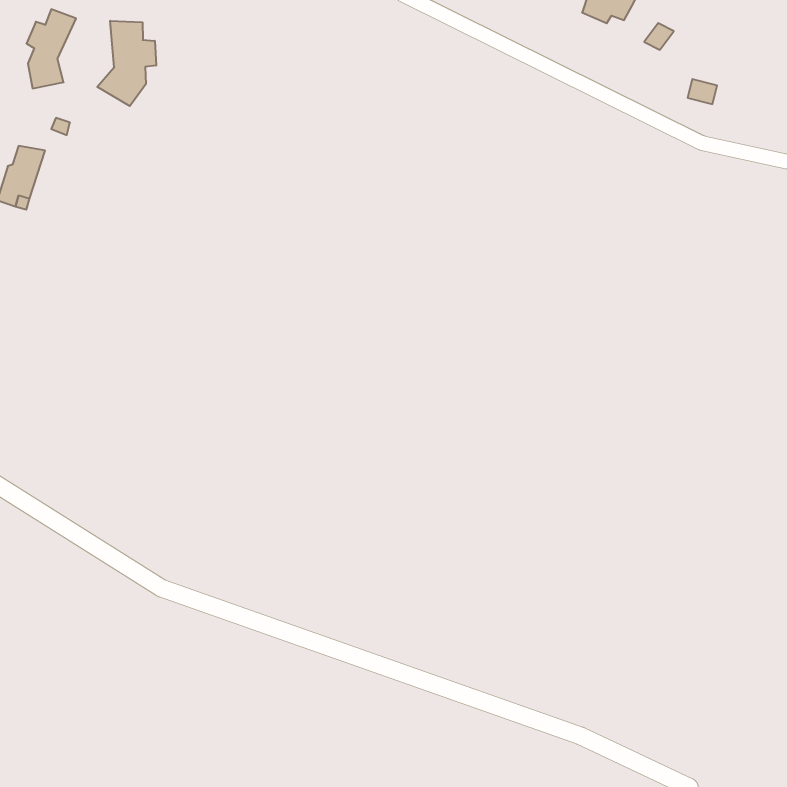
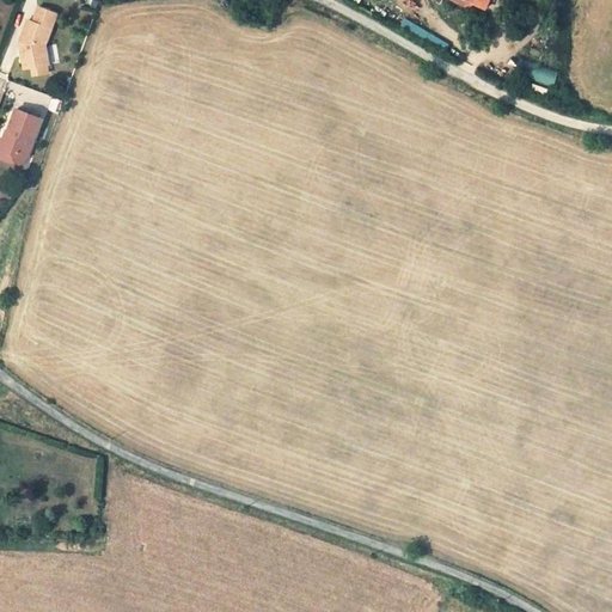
building: [97,21,156,106] -> none

